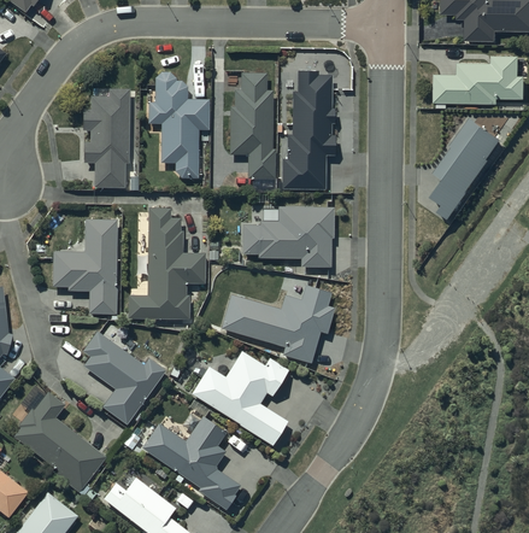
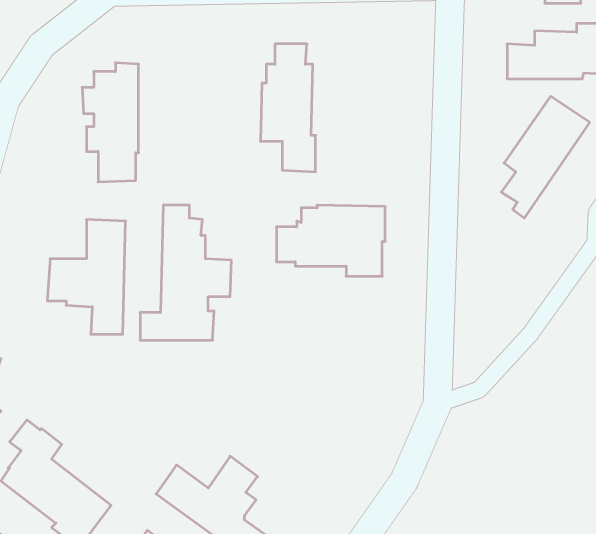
building: [282,70,335,189] -> none
building: [148,72,208,178] -> none
building: [221,287,334,363] -> none
building: [82,335,165,427] -> none
building: [190,352,287,445] -> none

